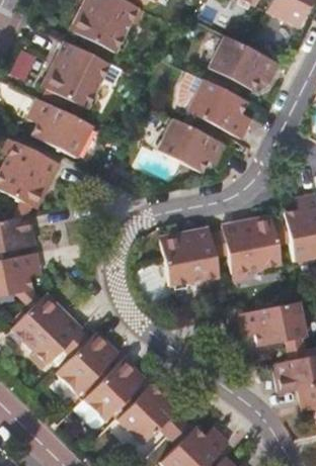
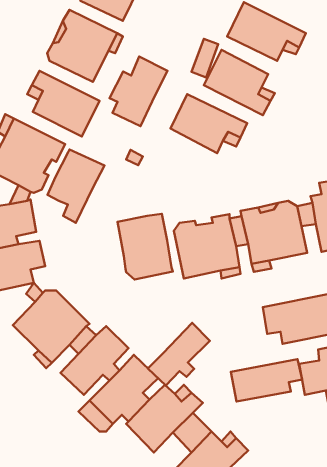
building: none -> [110,57,167,126]
building: none -> [48,149,104,223]
building: none -> [117,214,173,279]
building: none -> [148,323,210,386]
building: none -> [231,359,302,402]

